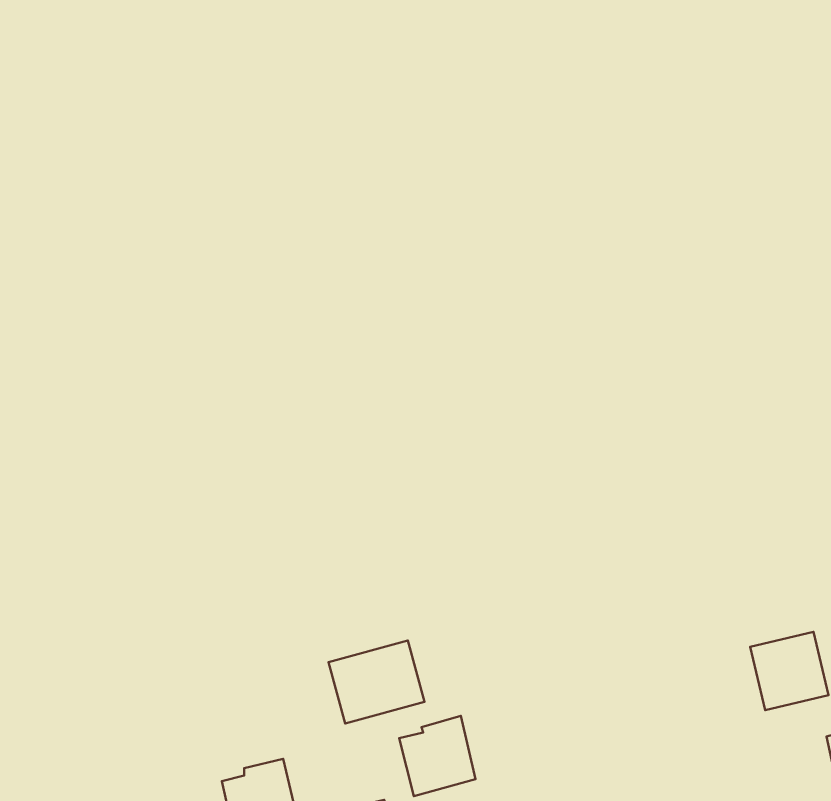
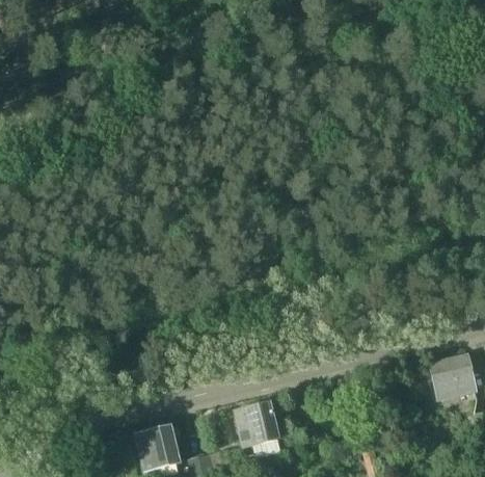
building: [329,640,424,723] -> none

